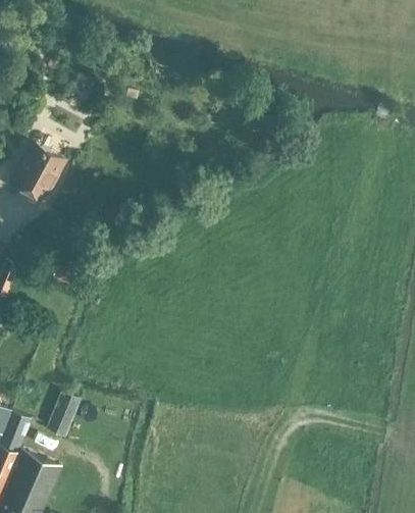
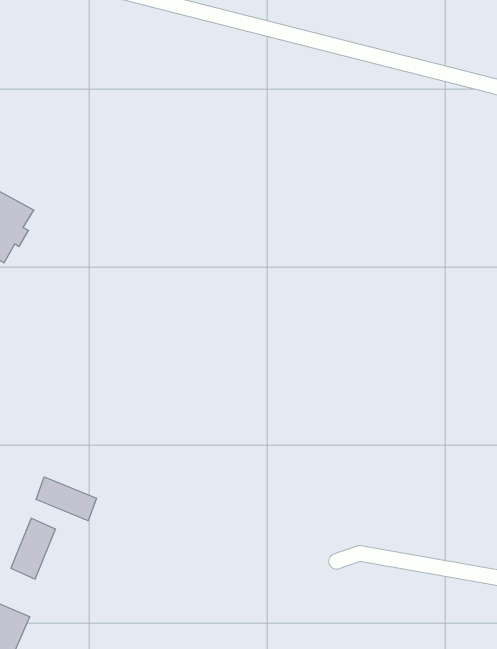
building: none -> [36,477,96,521]

